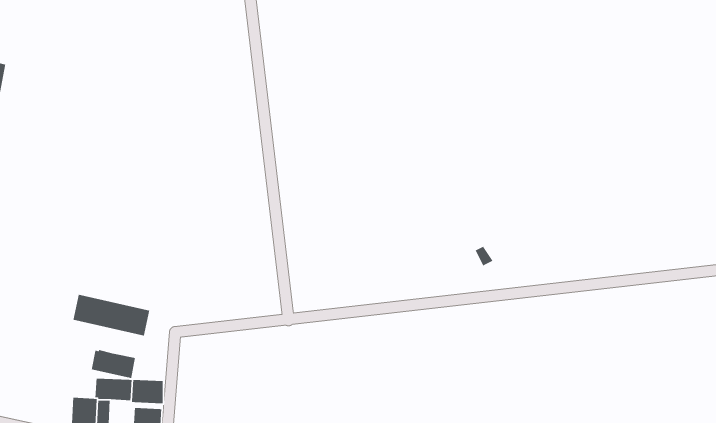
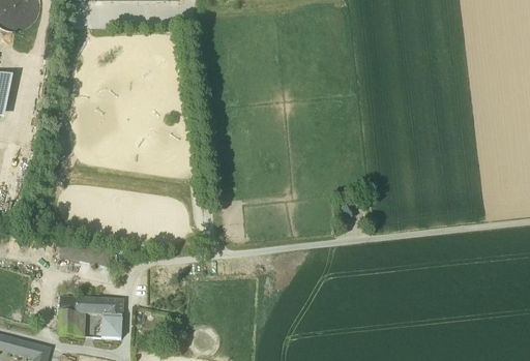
building: [91,349,136,379] -> none

